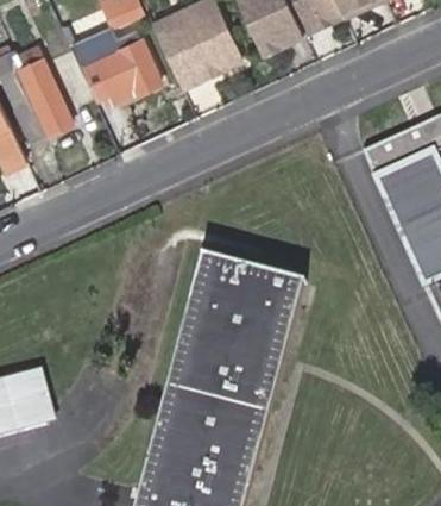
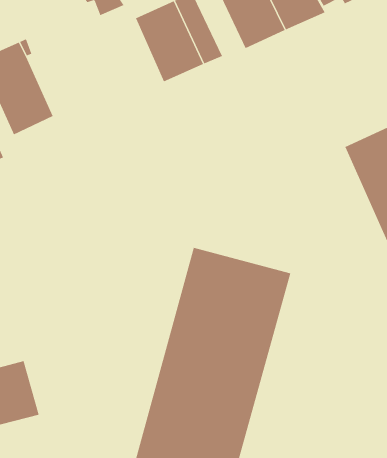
building: [78,29,159,95] -> none

